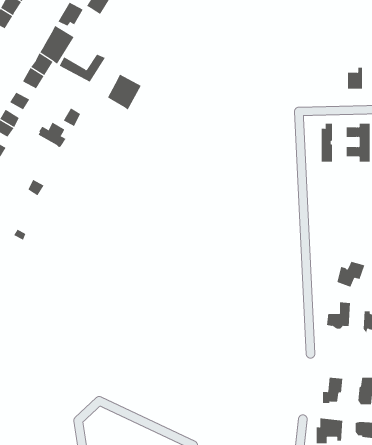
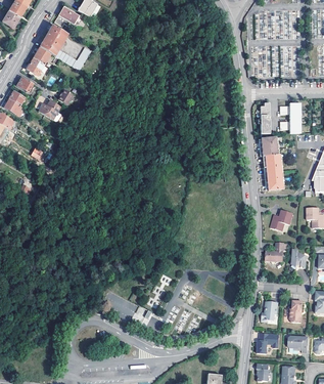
building: [107,74,142,111] -> none
building: none -> [261,135,283,189]

